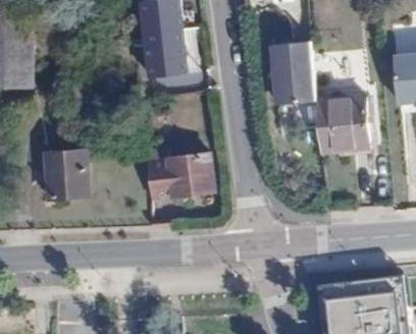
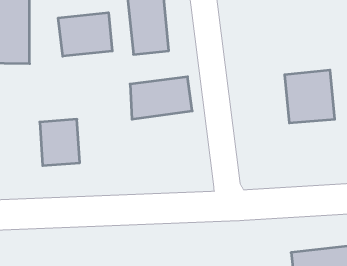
building: none -> [58,13,112,56]
building: [270,42,314,104] -> none
building: [146,154,214,201] -> [130,77,192,119]

